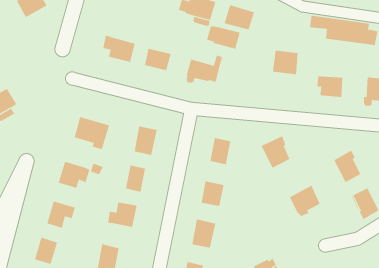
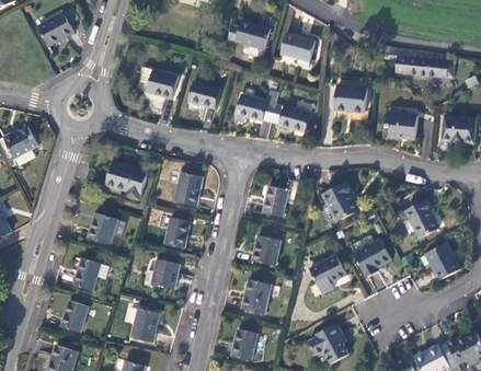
building: [206,26,240,49] -> [271,104,310,131]
building: none -> [309,253,346,291]

